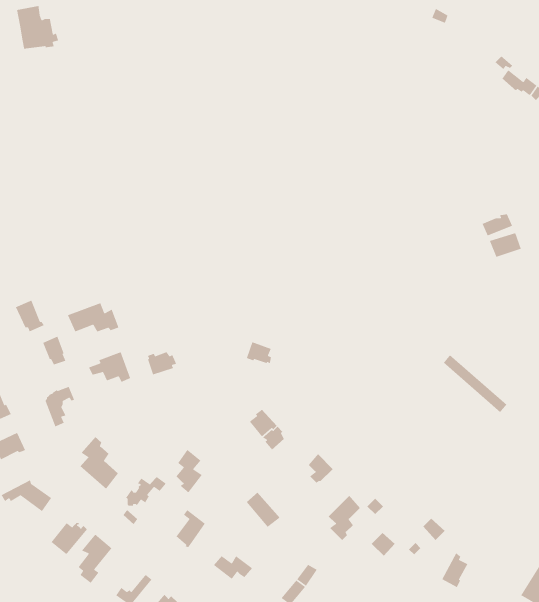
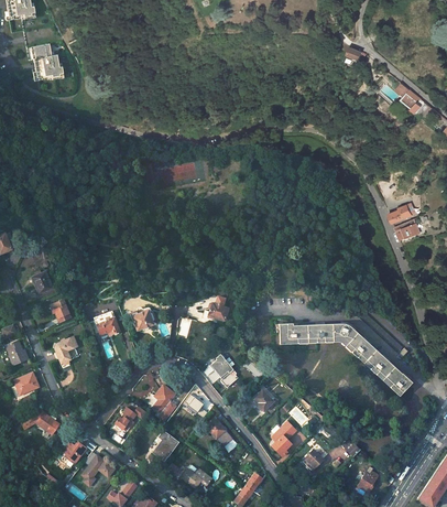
building: [67,302,119,333] -> none
building: none -> [280,325,413,396]
building: [80,436,119,490] -> none

